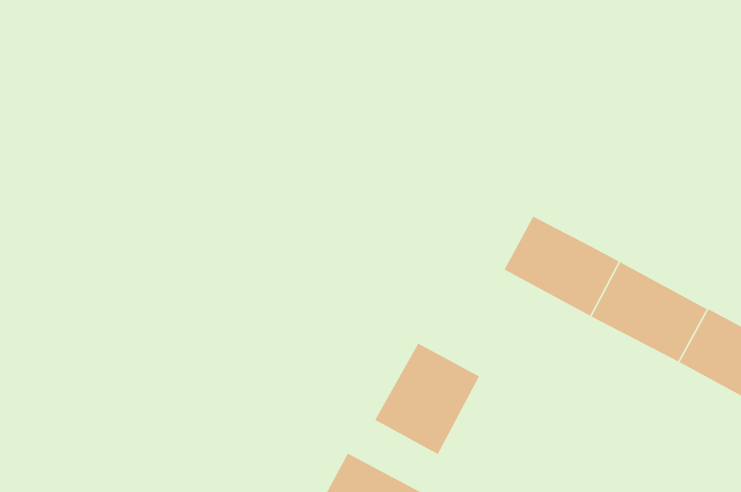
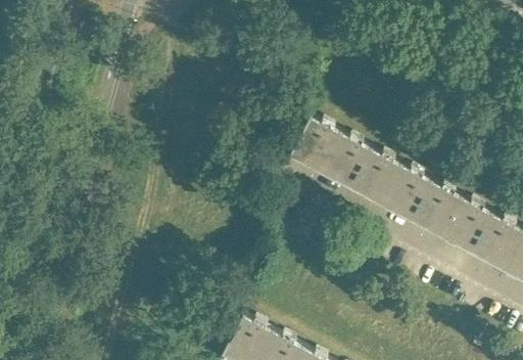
building: none -> [292,120,374,190]
building: [374,343,481,455] -> none

